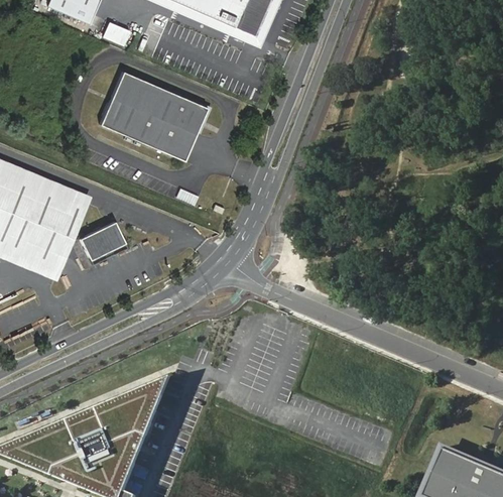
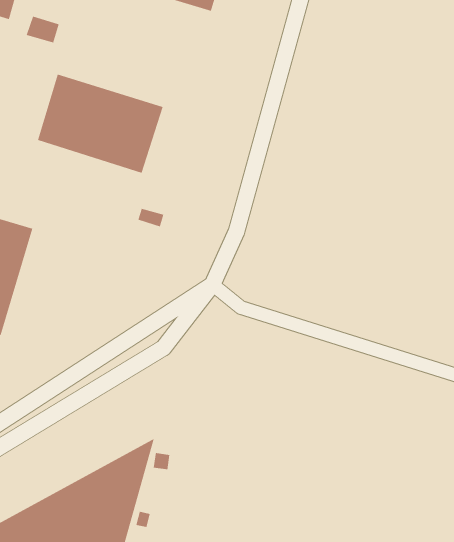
building: [79,222,125,260] -> none

